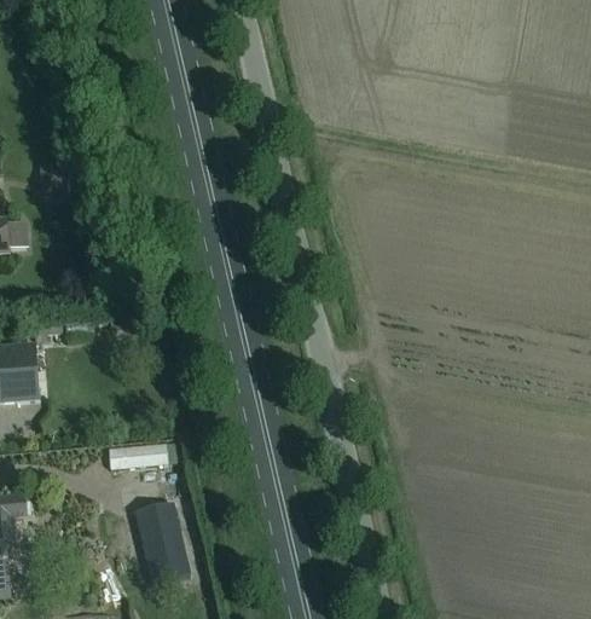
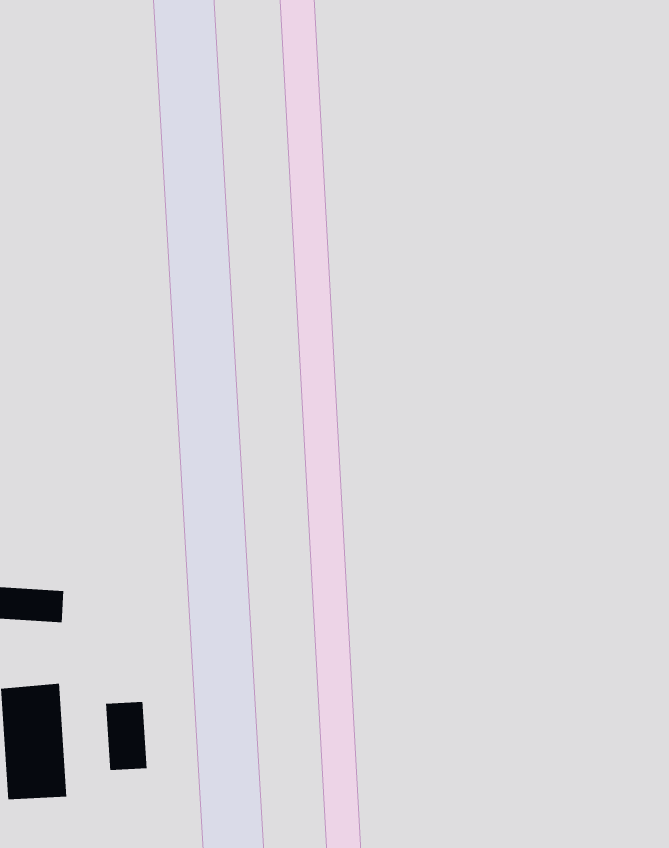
building: none -> [105,701,147,771]

